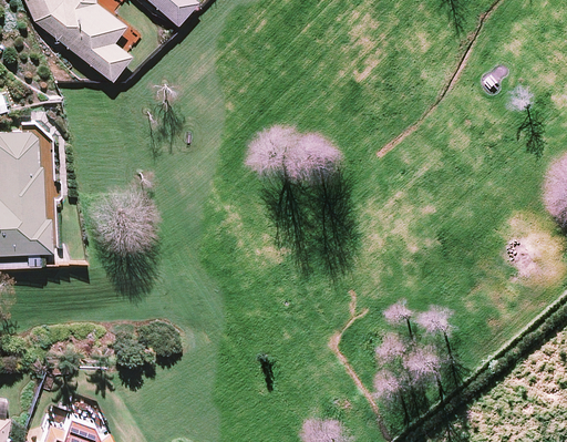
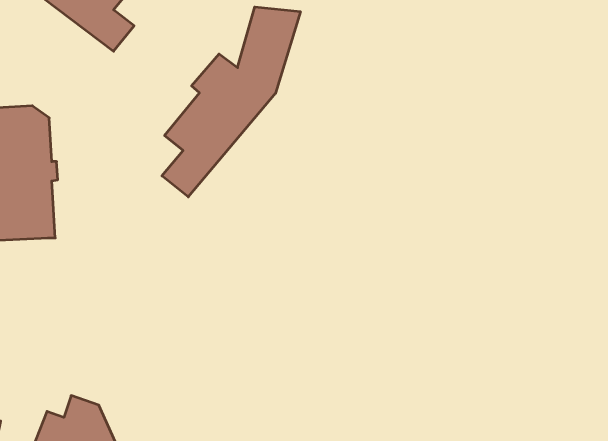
building: none -> [162,7,300,197]

